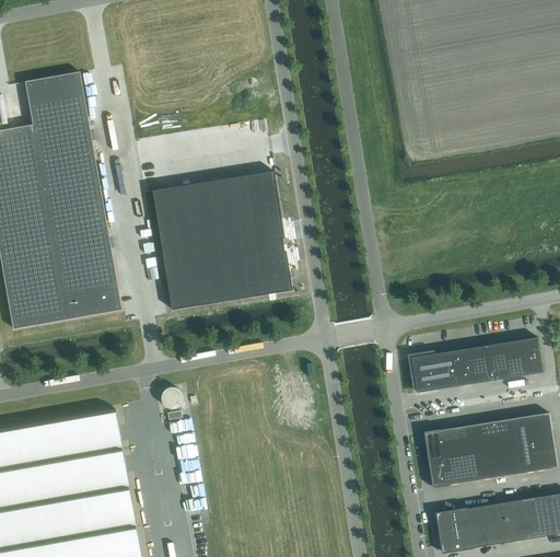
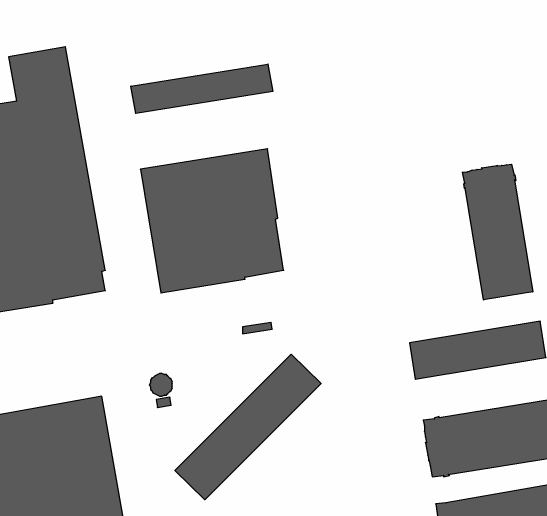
building: none -> [131,64,273,113]
building: none -> [462,164,533,300]
building: none -> [175,354,321,500]

